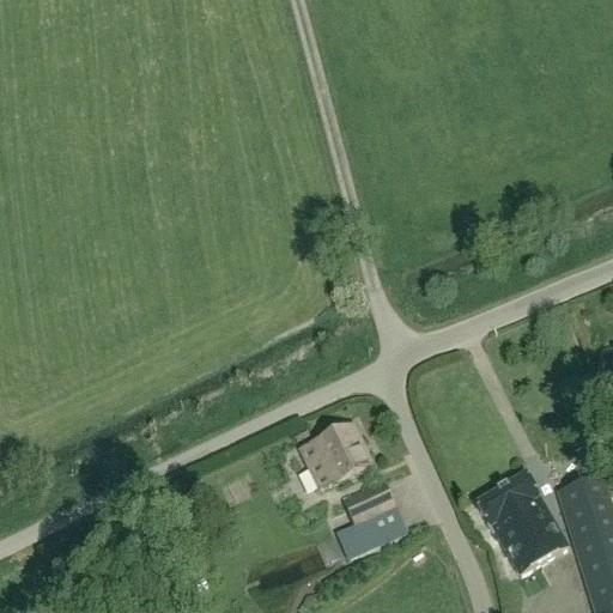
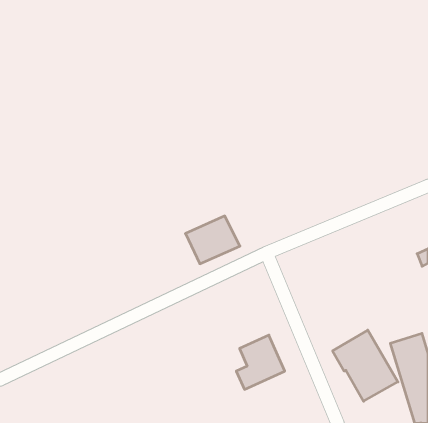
building: [297,421,375,490] -> [185,216,240,264]

